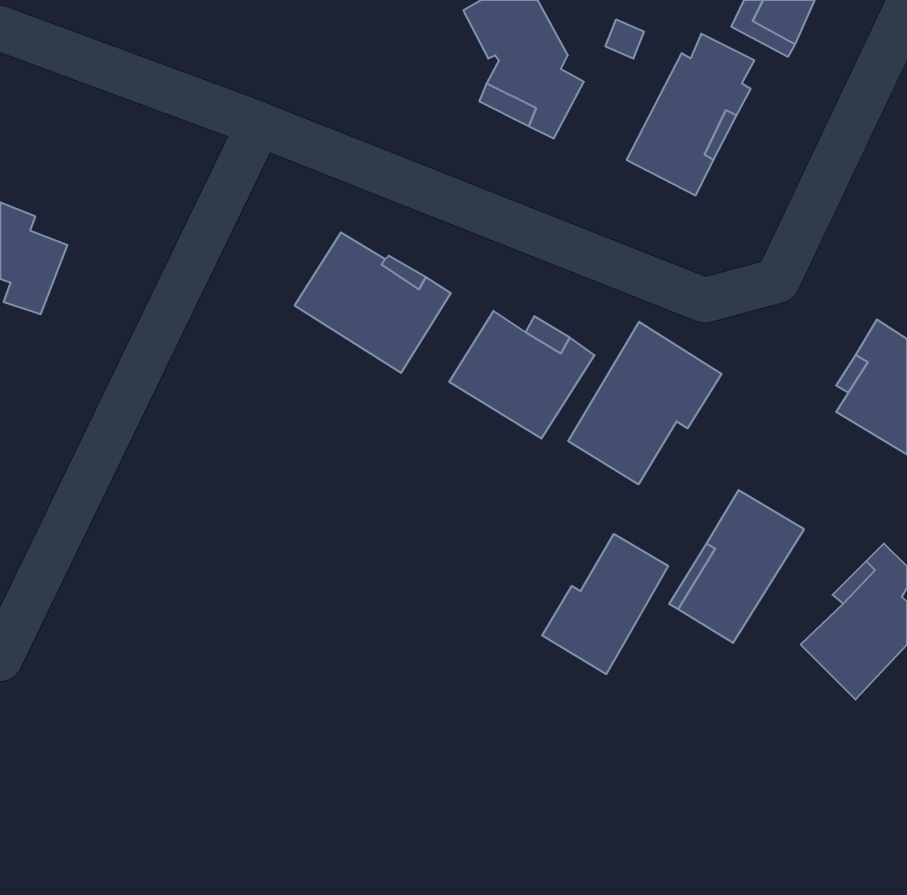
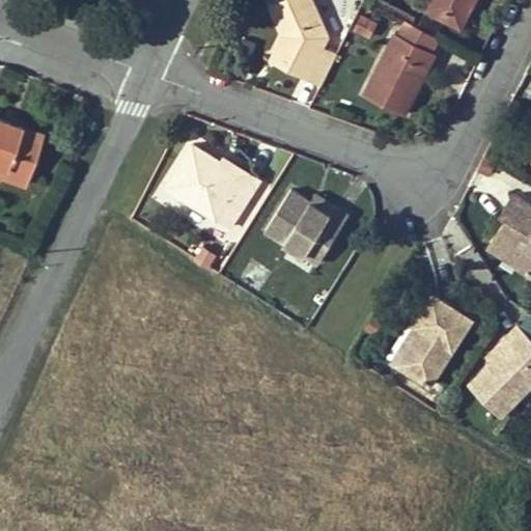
building: [568,322,722,484] -> none
building: [542,534,668,674] -> none

